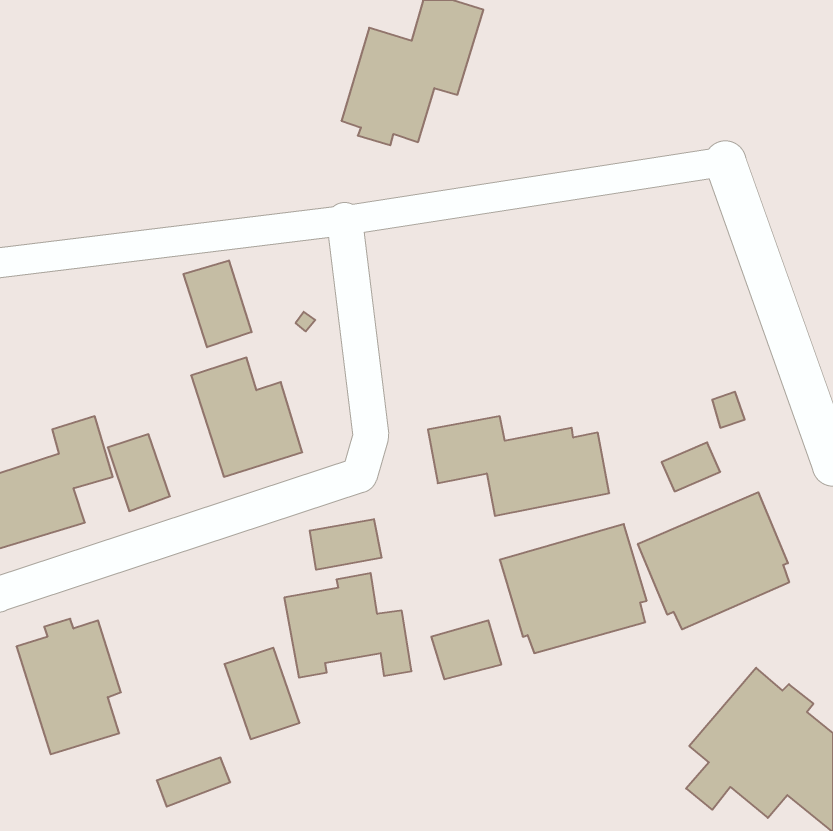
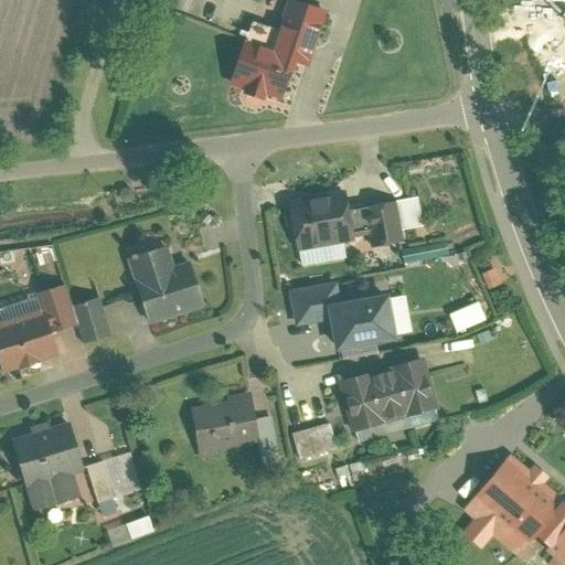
building: [183,260,252,347] -> none
building: none -> [286,190,424,252]
building: [638,492,789,629] -> none
building: [310,519,382,570] -> none
building: [224,648,300,739] -> [87,455,138,516]

